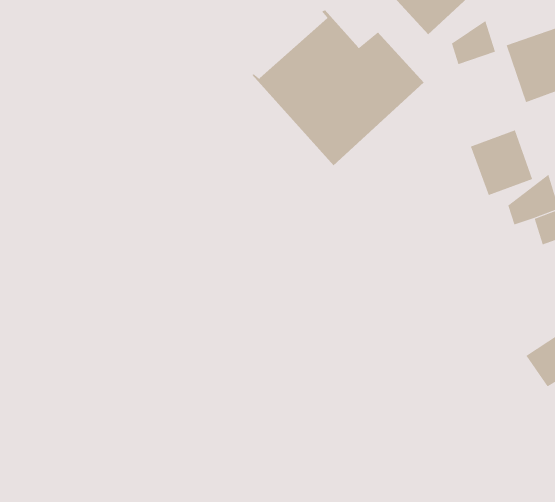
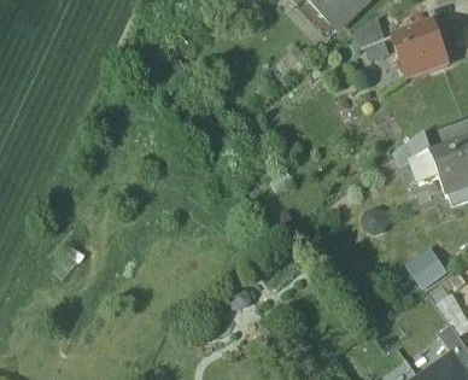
building: [251,10,424,166] -> none
building: [470,129,533,196] -> none

